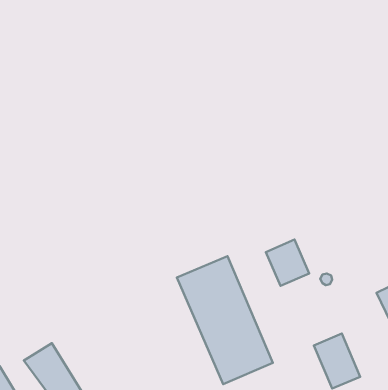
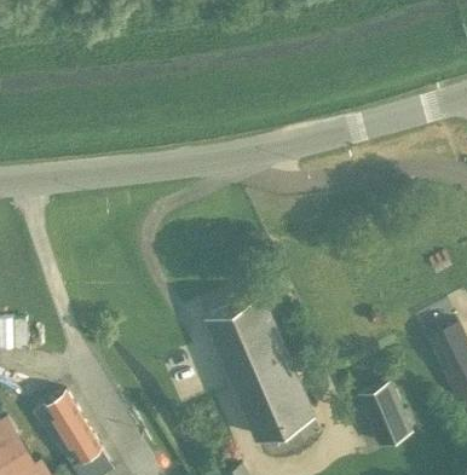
building: [266,240,309,286] -> none

